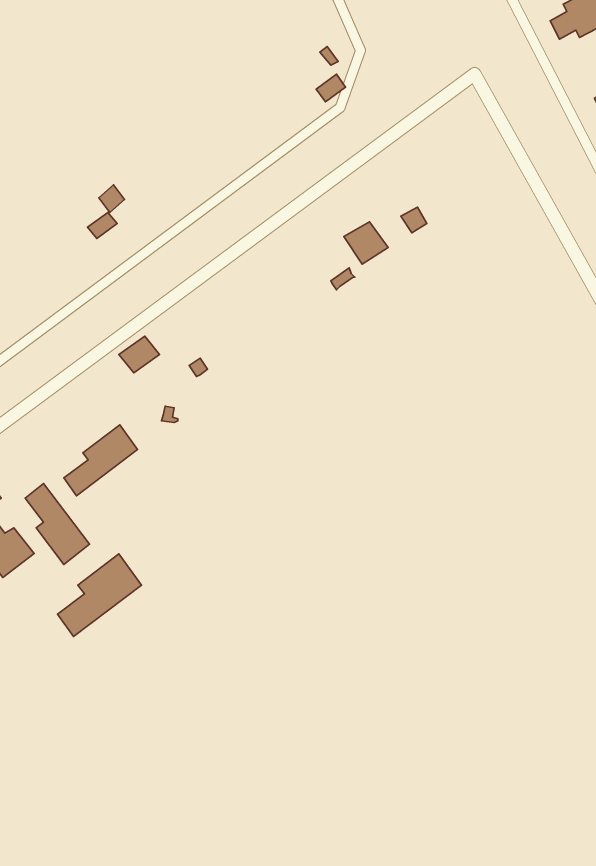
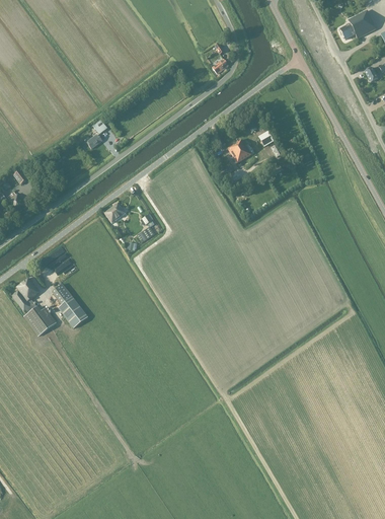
building: [64,425,138,496] -> none
building: [57,554,142,637] -> none

